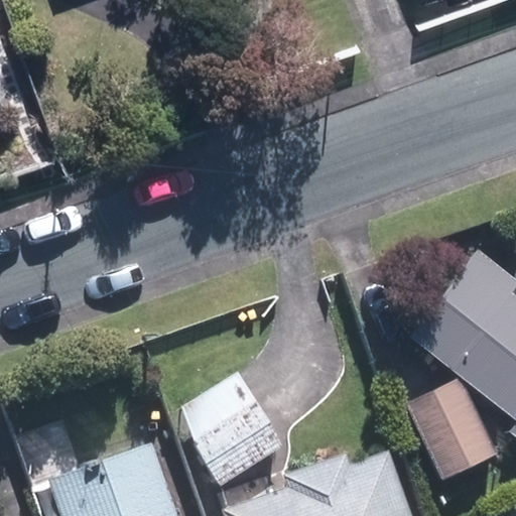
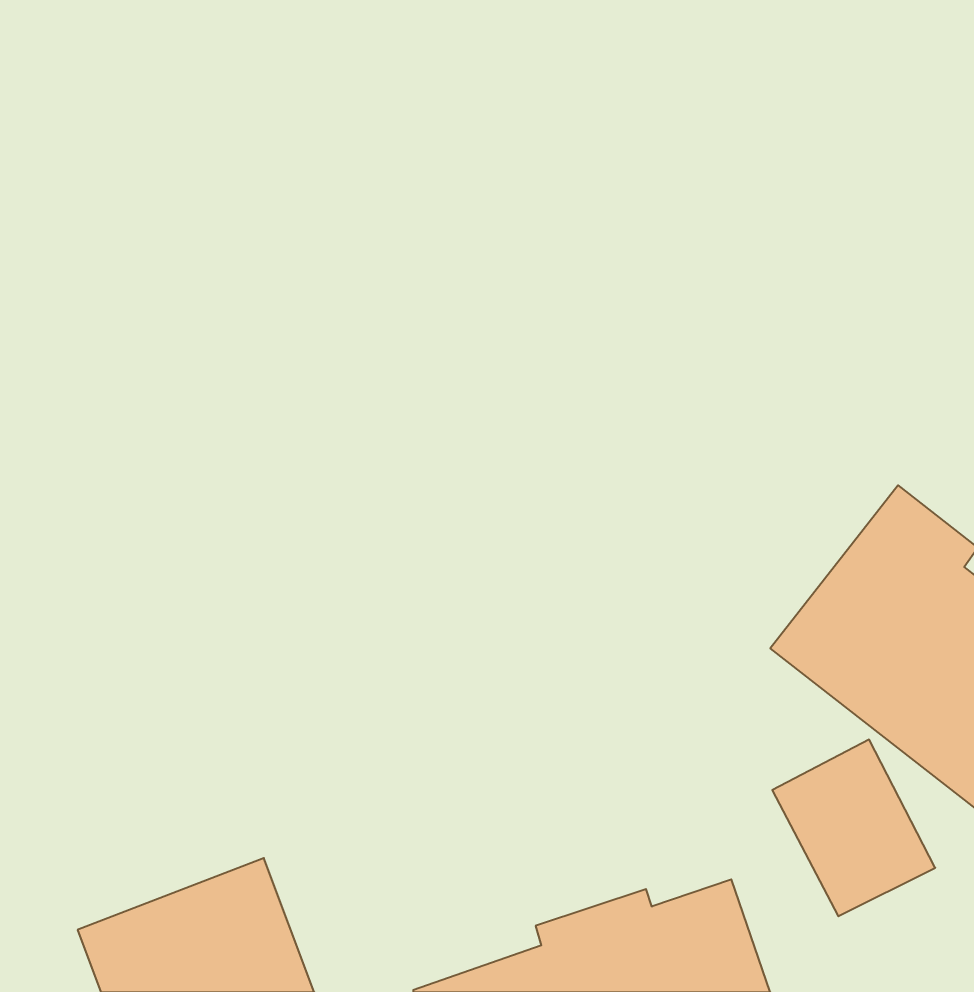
building: [178,374,282,481] -> none

